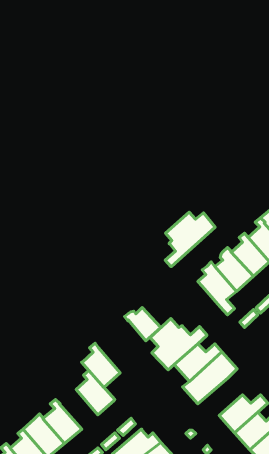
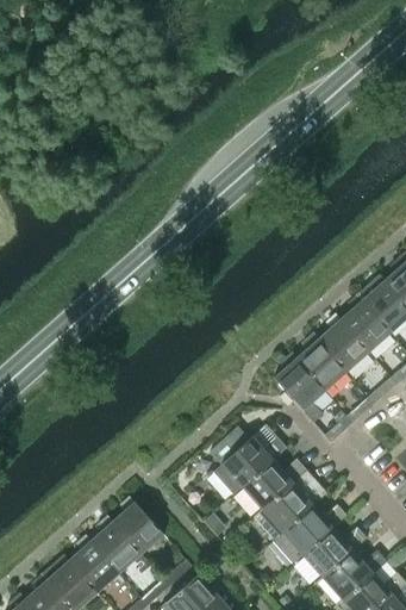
building: [165,212,215,267] -> none
building: [125,307,161,341] -> none
building: [82,343,120,387] -> [90,517,142,575]
building: none -> [274,508,346,565]

